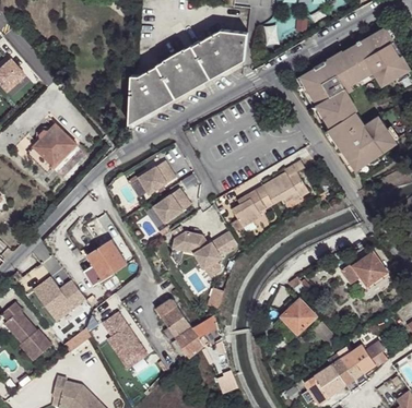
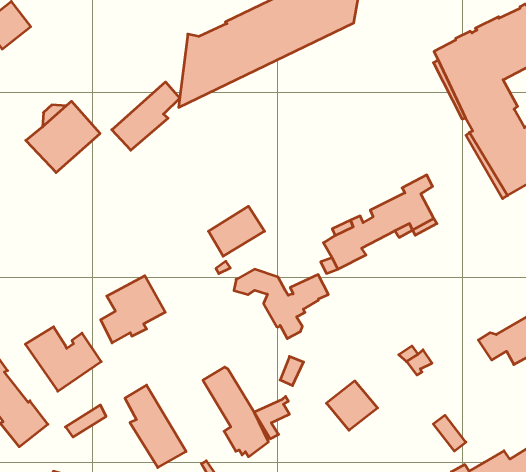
building: none -> [112,82,180,150]
building: [138,159,176,193] -> none
building: [281,299,316,333] -> [326,381,378,430]

